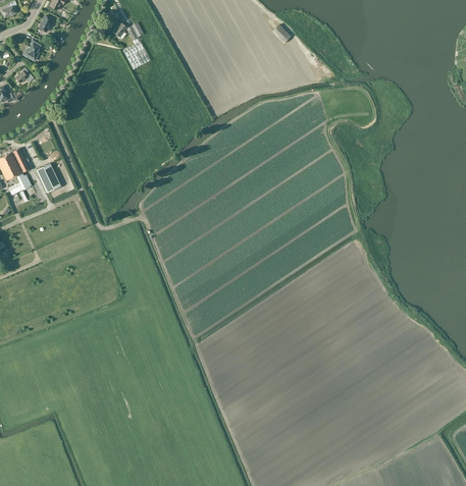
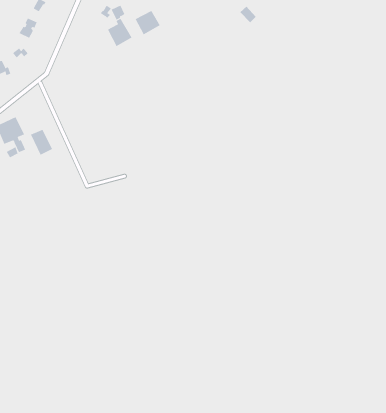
building: none -> [135,10,161,35]

